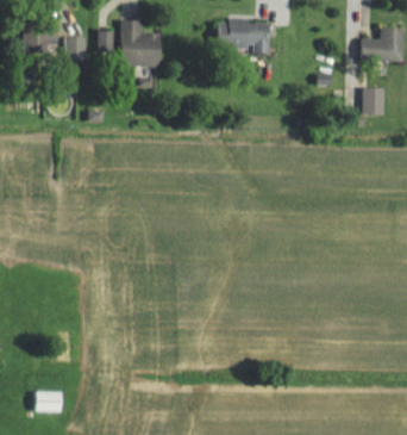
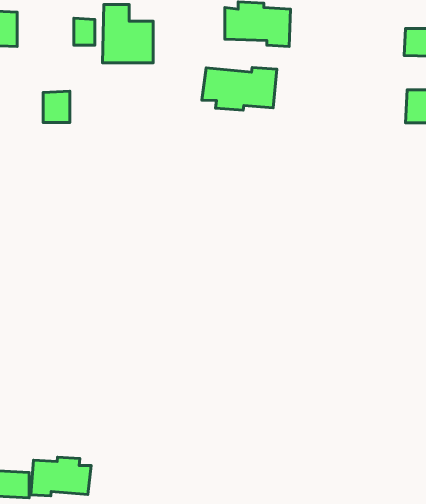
building: [64,36,86,61] -> [43,91,70,122]
building: none -> [202,67,277,110]
building: none -> [31,457,91,496]

